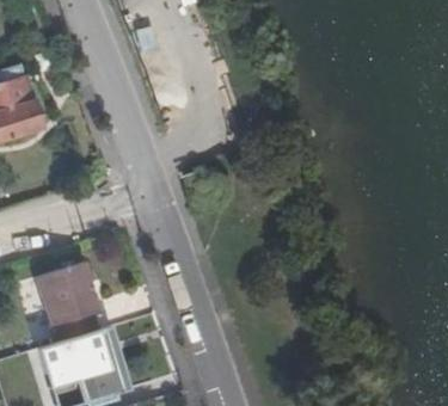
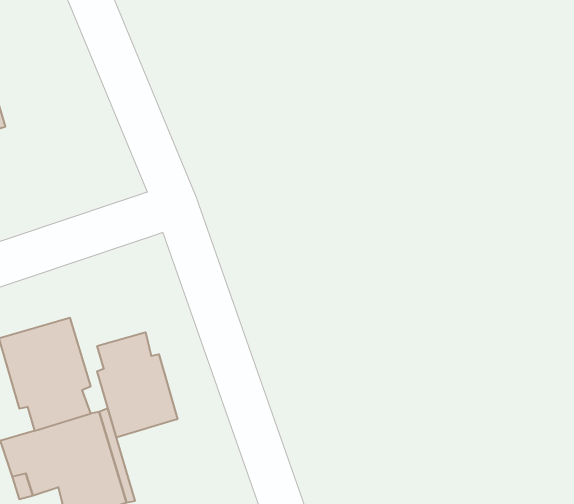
building: none -> [97,332,177,438]

